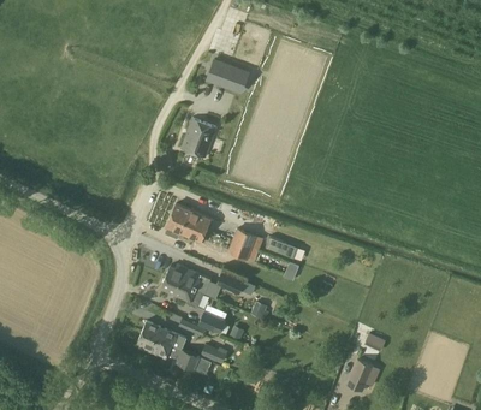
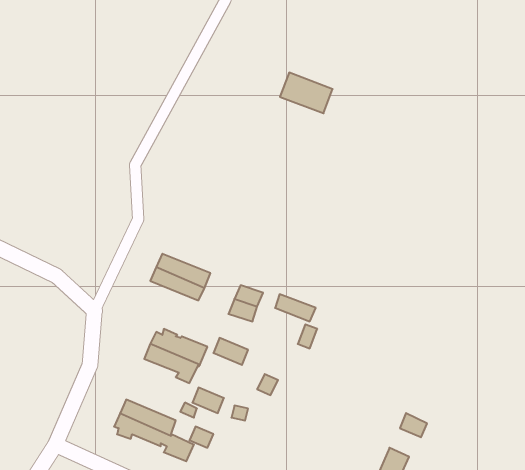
building: [207,59,249,91] -> [280,73,333,113]
building: [182,119,216,158] -> none

